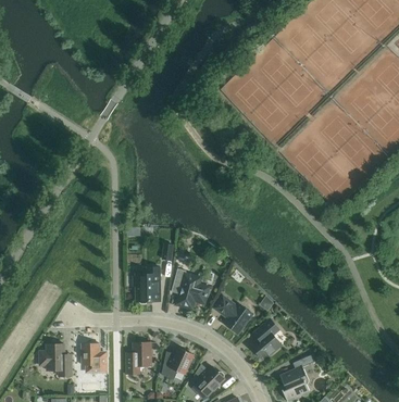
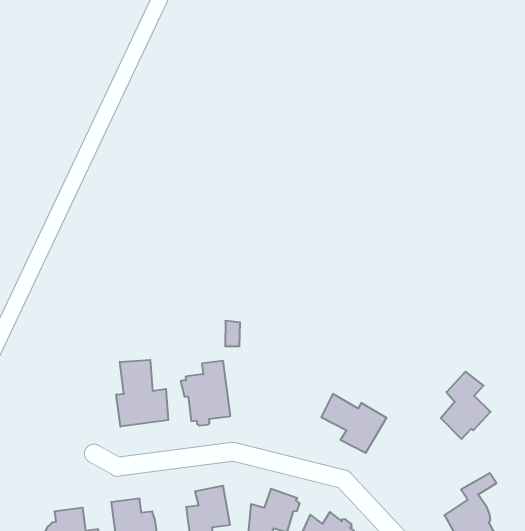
building: none -> [116,360,168,427]
building: [171,267,208,306] -> none
building: [251,318,282,359] -> [441,372,491,439]

